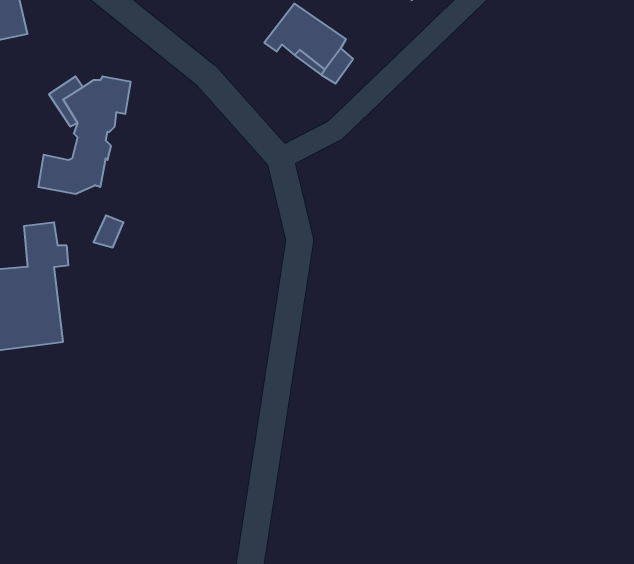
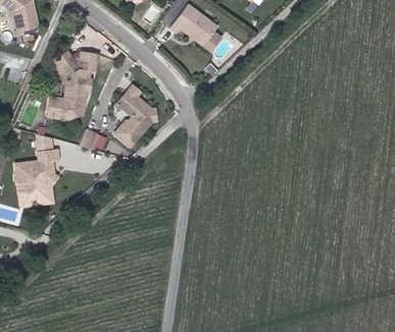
building: none -> [110,85,147,146]

